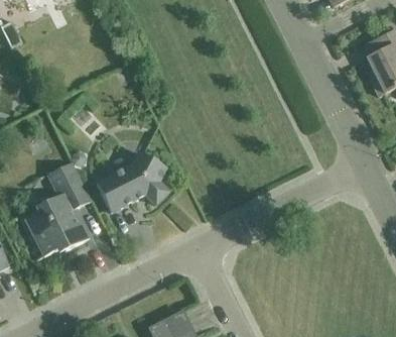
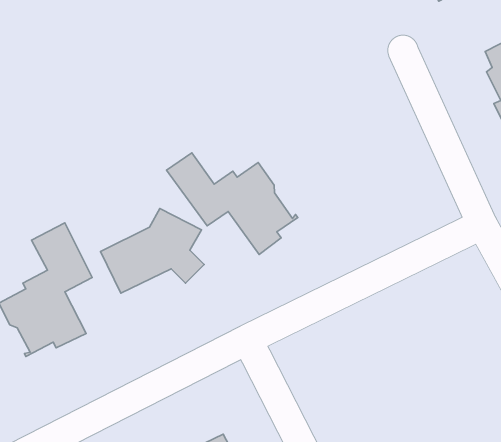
building: none -> [166,153,298,255]

